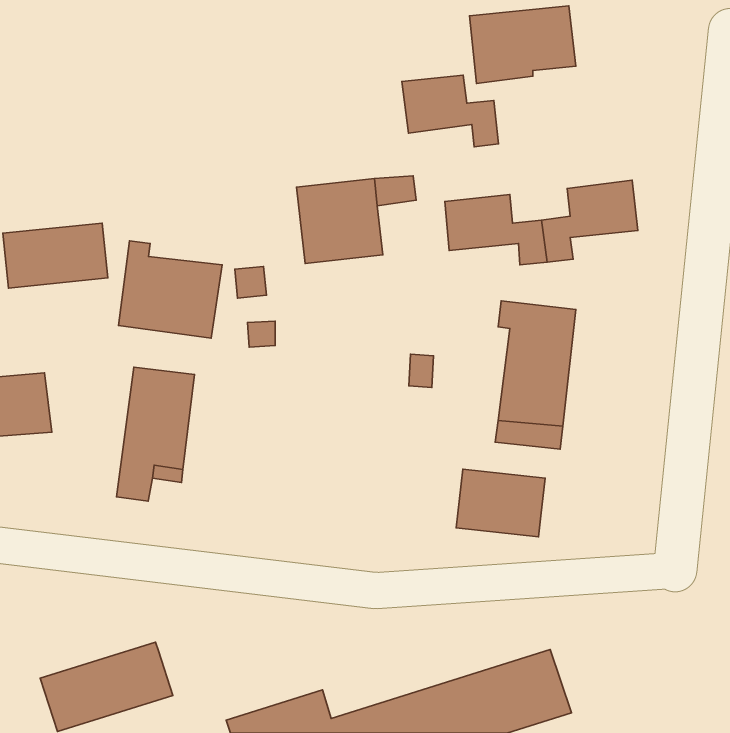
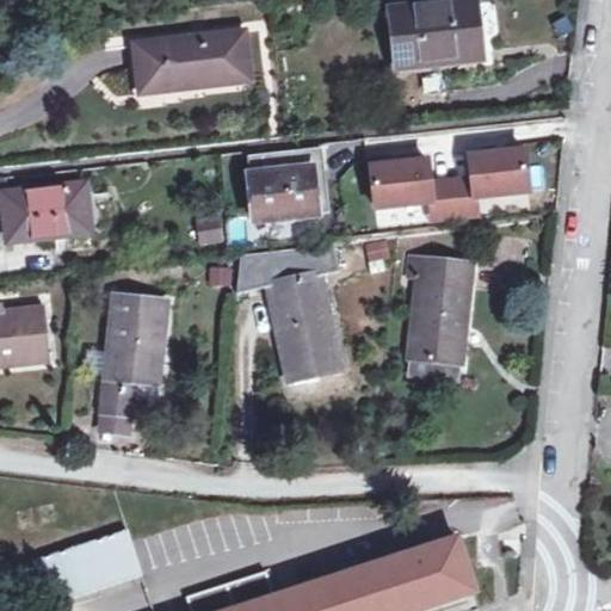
building: none -> [136,37,248,88]
building: [402,75,498,147] -> none
building: [119,241,222,338] -> none
building: none -> [239,253,339,385]
building: [456,469,545,537] -> none

